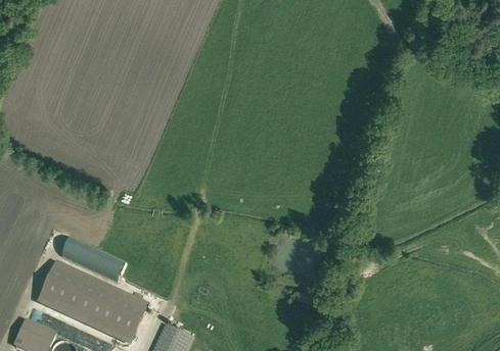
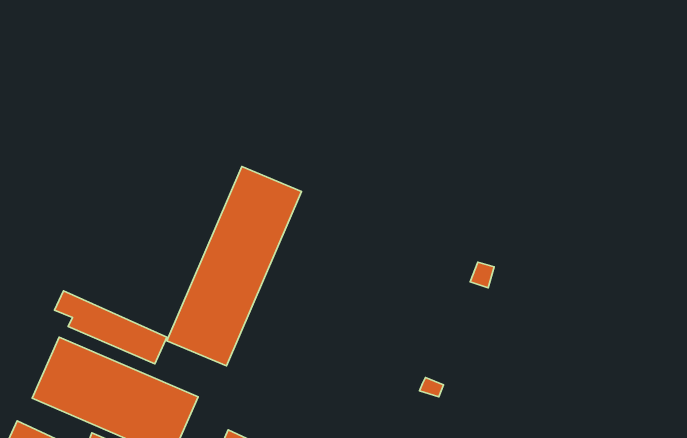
building: none -> [167,166,302,366]

